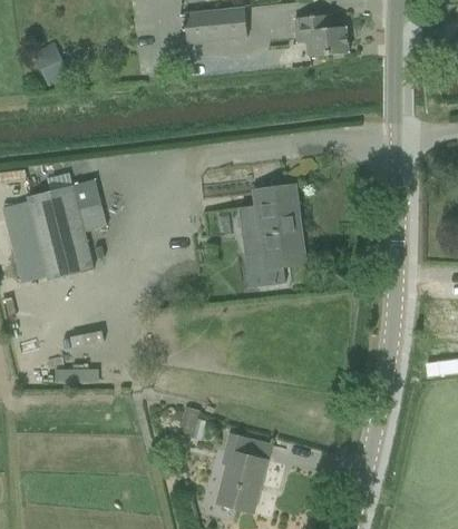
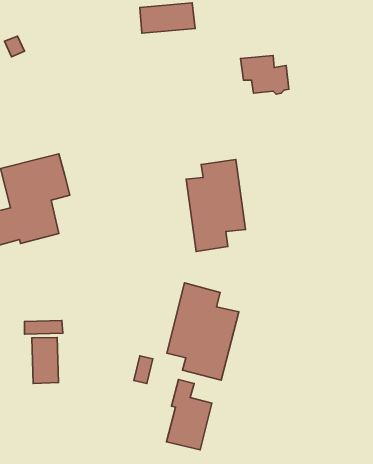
building: [294,14,349,58] -> [241,56,289,94]
building: none -> [167,283,239,380]
building: none -> [32,338,58,384]

